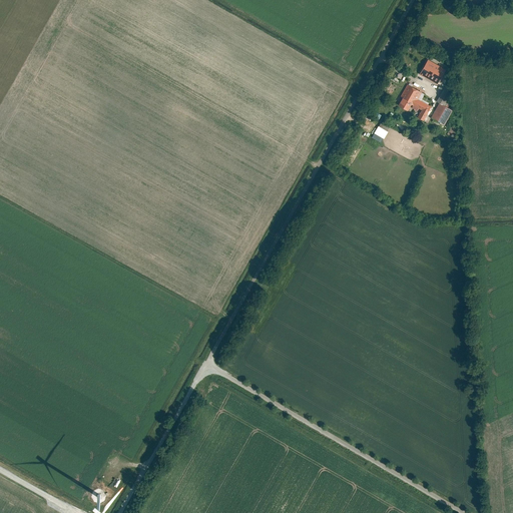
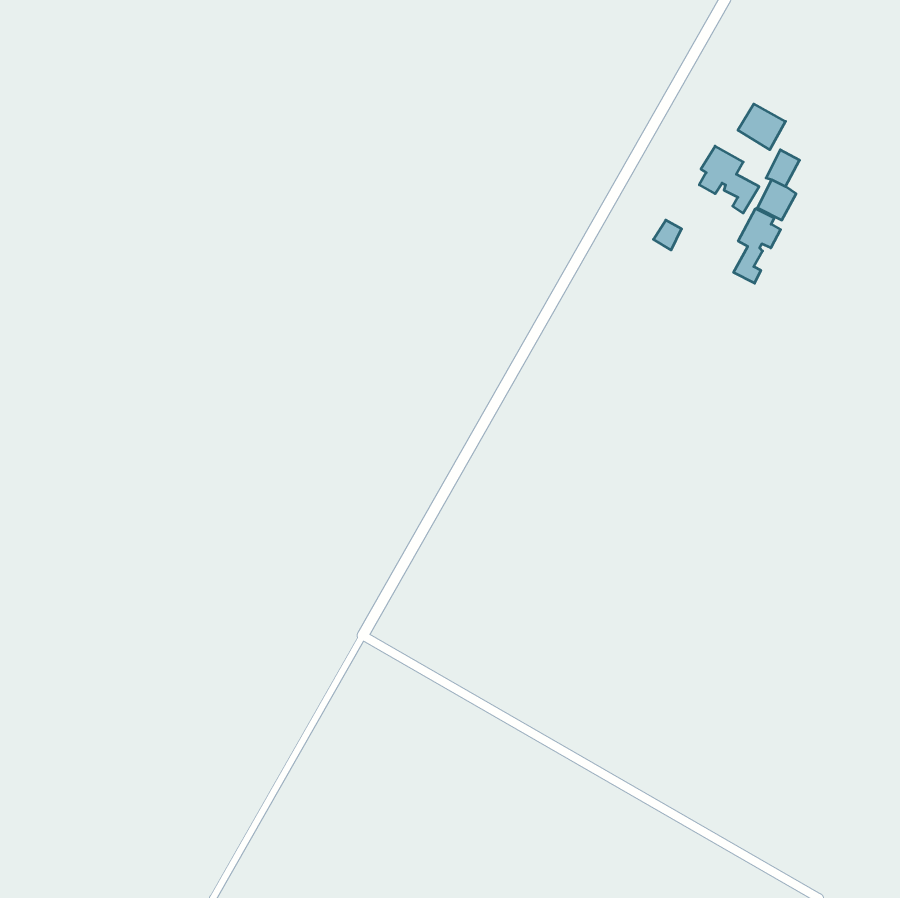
building: none -> [734,209,781,283]

